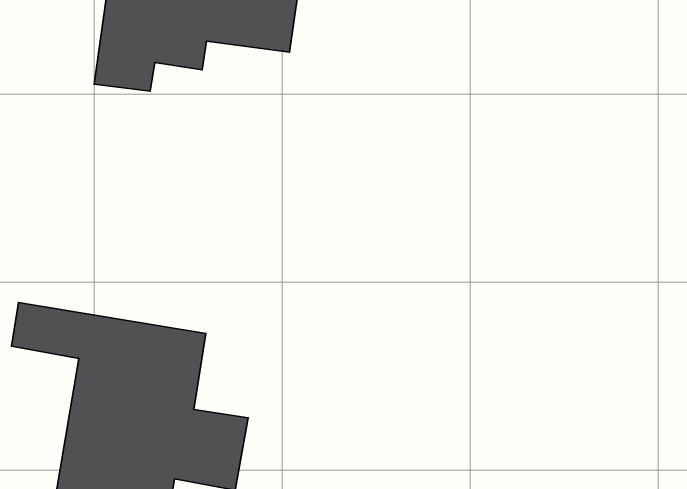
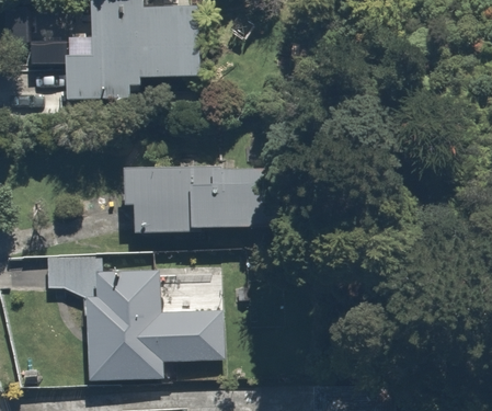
building: none -> [124,158,289,237]

